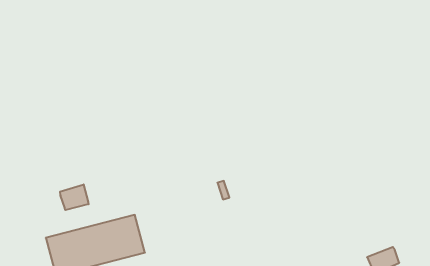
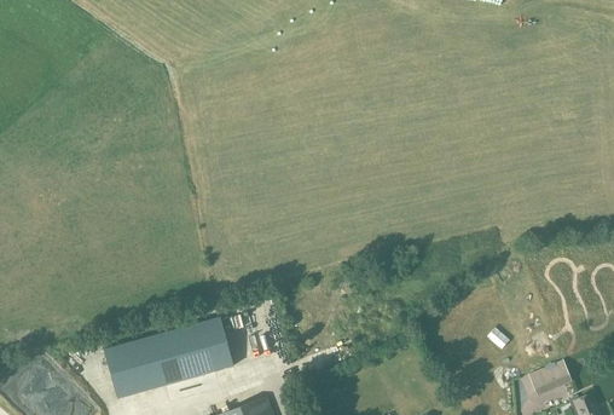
building: [60,184,89,210] -> none

